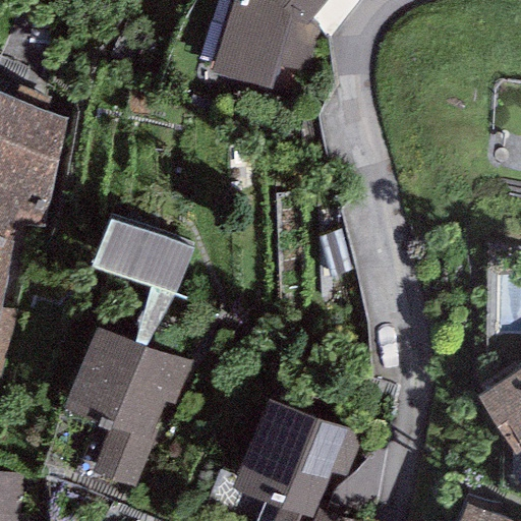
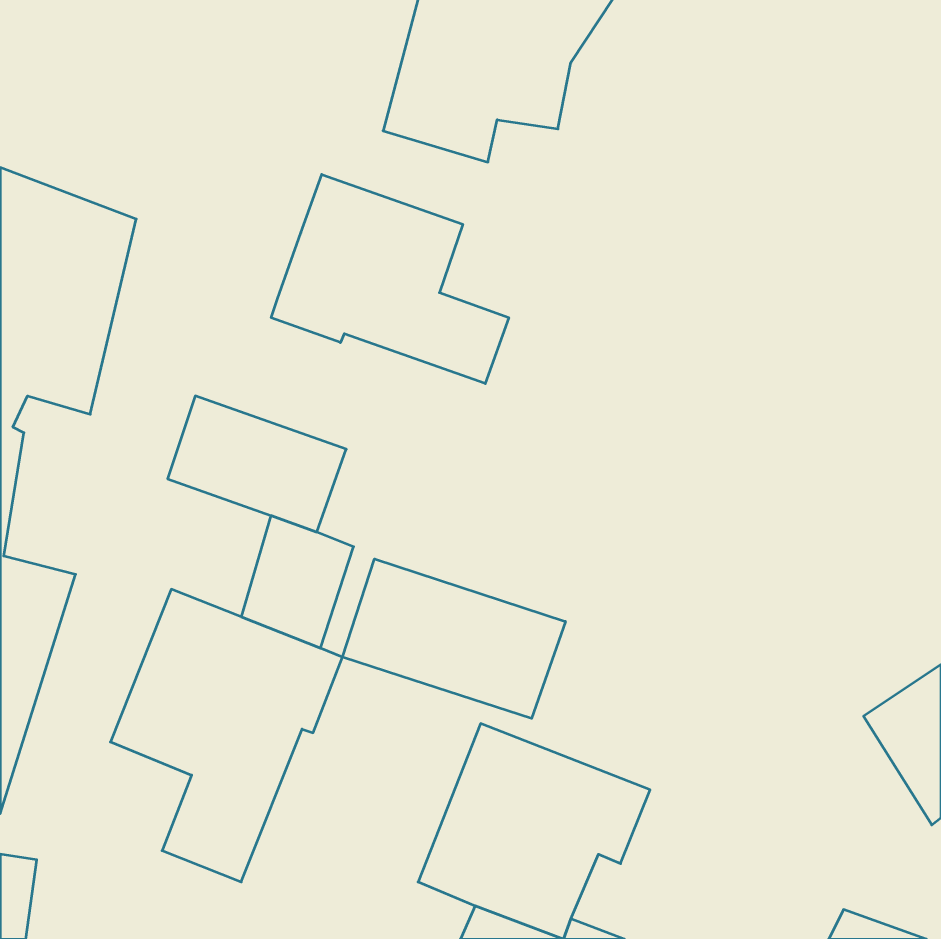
building: none -> [271,174,509,384]
building: none -> [343,559,565,718]

